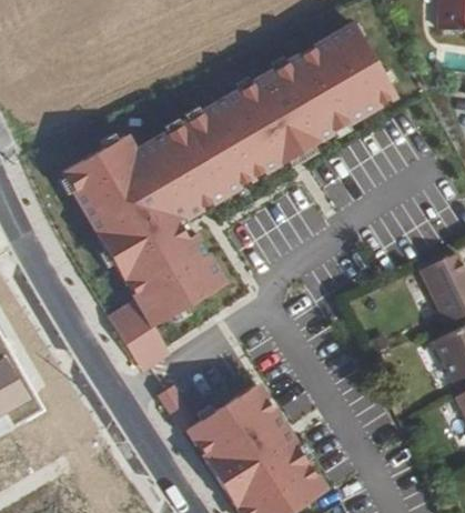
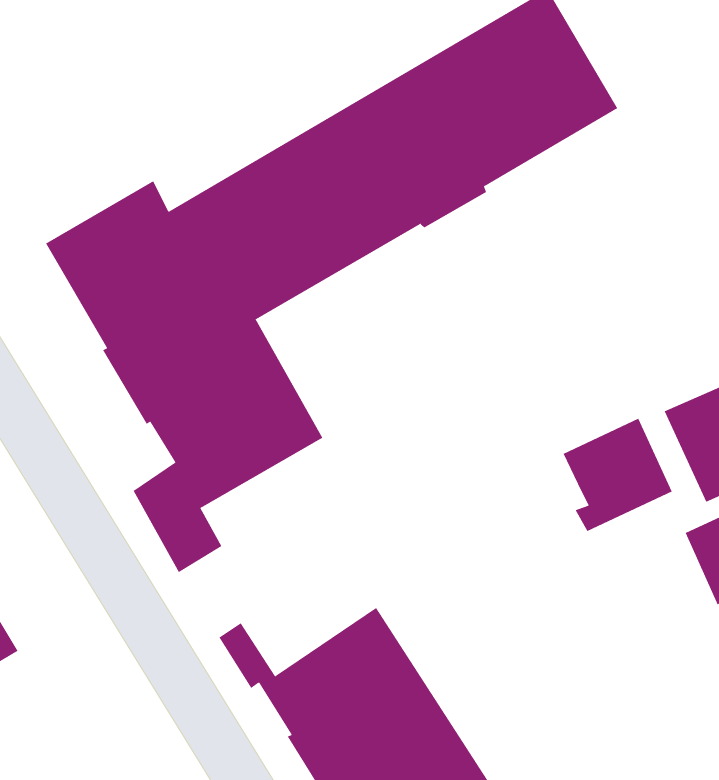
building: none -> [563,418,673,532]

